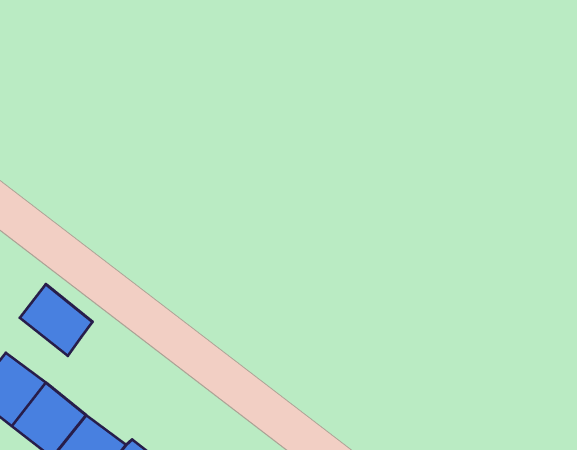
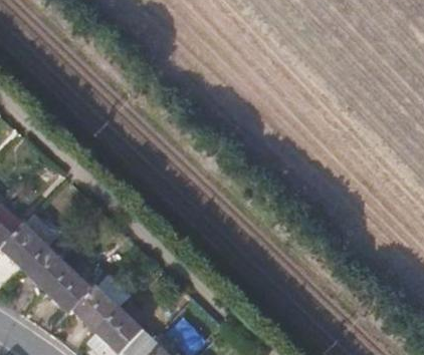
building: [20,284,93,356] -> none

